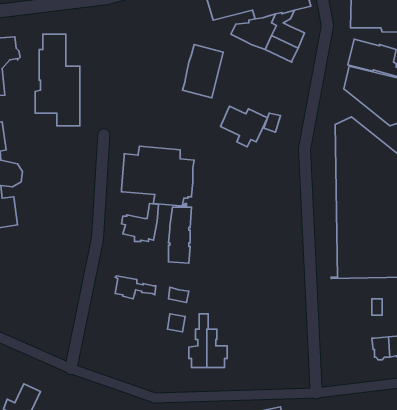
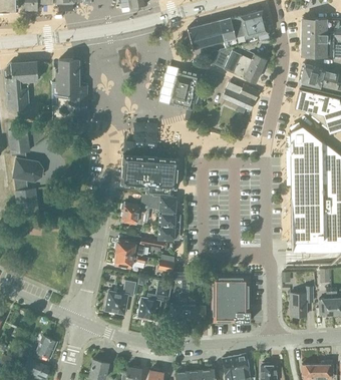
building: [220,106,267,147] -> [222,81,259,113]
building: none -> [116,237,165,255]
building: none -> [212,276,250,322]
building: none -> [104,280,136,313]
building: none -> [290,285,313,315]
building: none -> [137,293,160,319]

